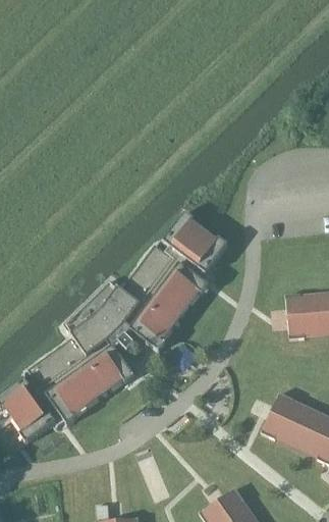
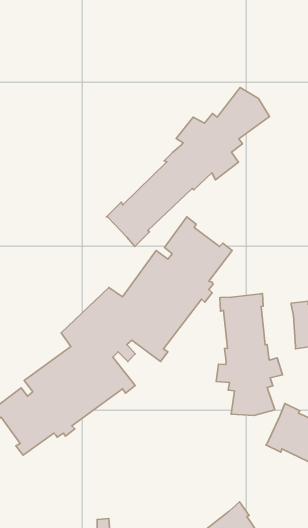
building: none -> [106,87,270,247]
building: none -> [216,294,283,415]

